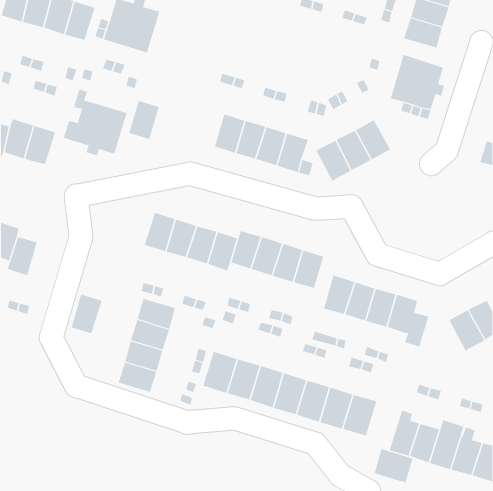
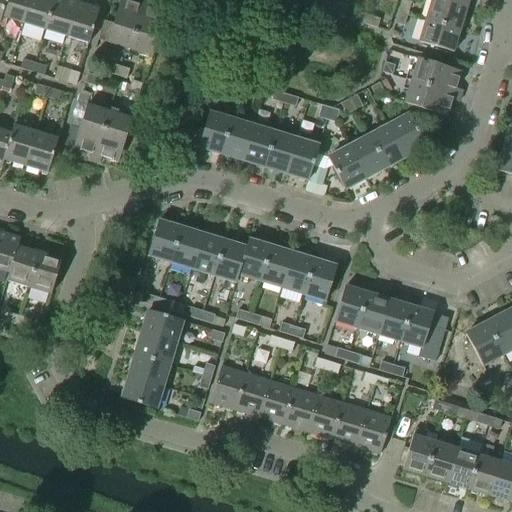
building: [129,100,159,140] -> [200,111,232,152]
building: none -> [388,113,425,155]
building: [71,294,103,334] -> [29,251,62,293]
building: [365,448,413,483] -> none

